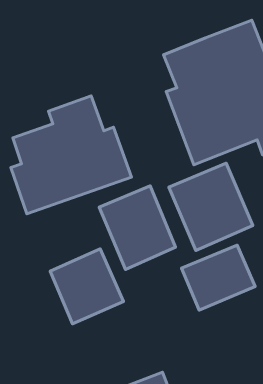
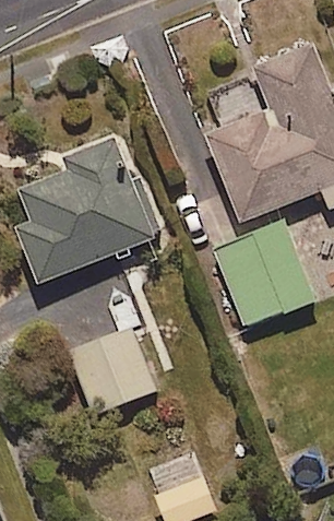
building: [99,186,176,269] -> none
building: [182,245,255,310] -> none

